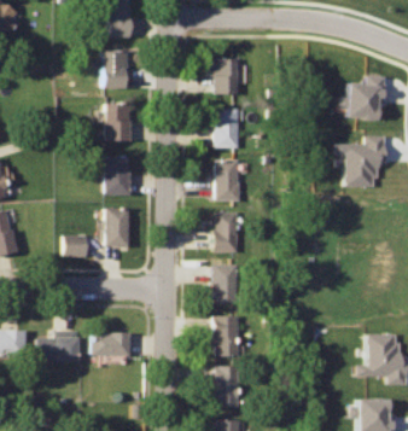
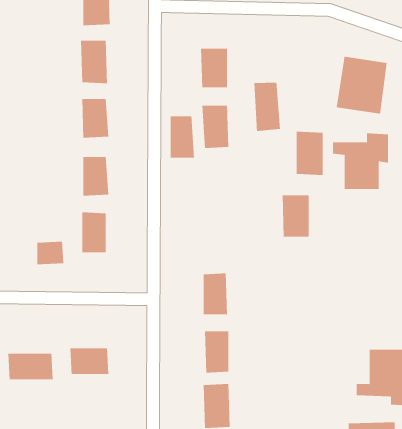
building: none -> [254,82,281,132]
building: none -> [296,131,323,176]
building: [218,162,241,200] -> [170,116,195,158]
building: [215,214,240,252] -> [282,195,309,237]

